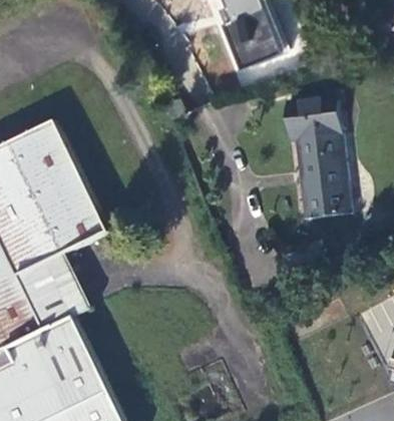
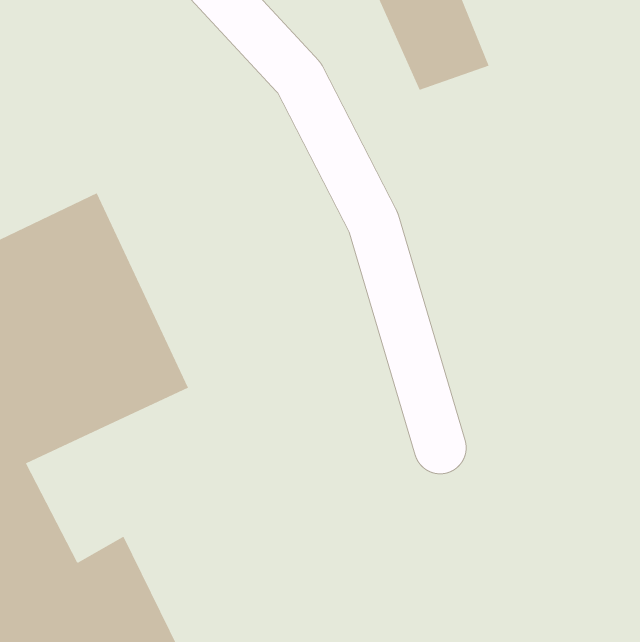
building: [287,96,350,220] -> none
building: [19,256,92,334] -> none

